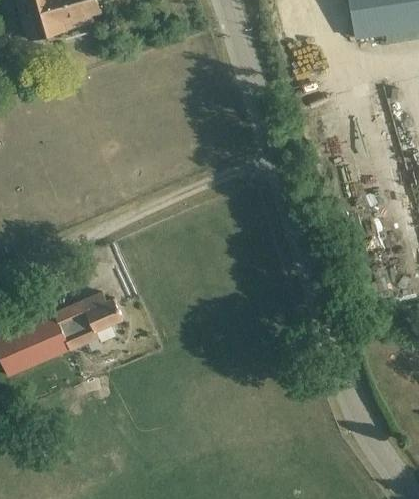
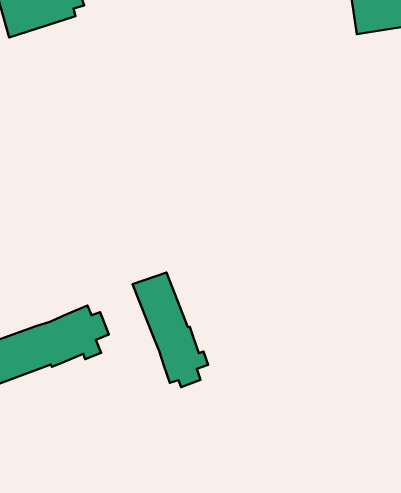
building: none -> [132,273,208,387]

